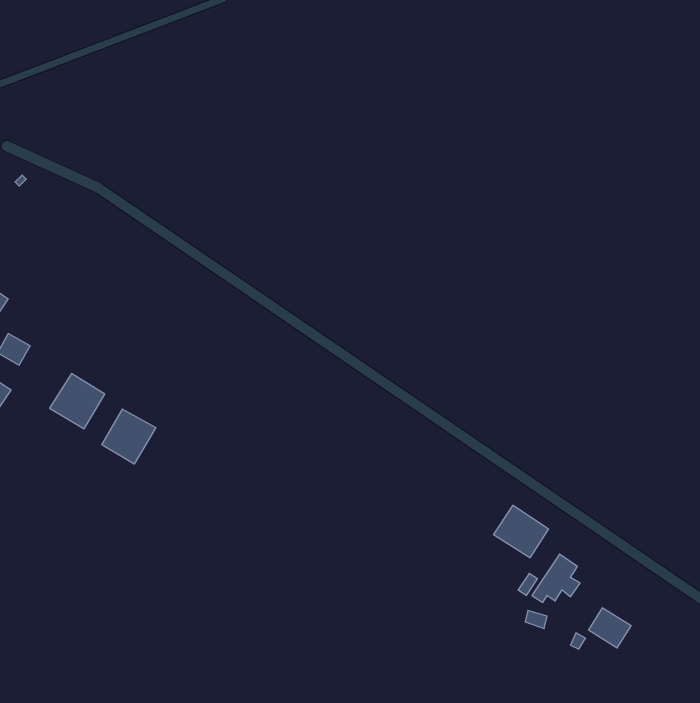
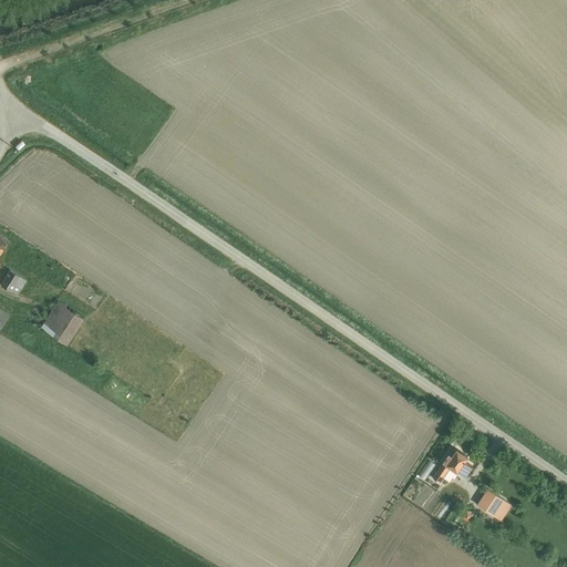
building: [102,409,156,464] -> none
building: [493,505,548,558] -> none

